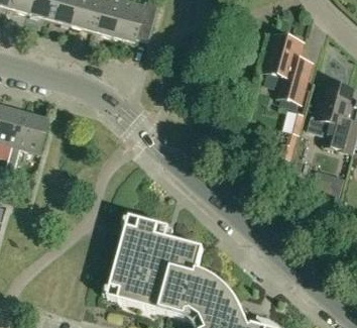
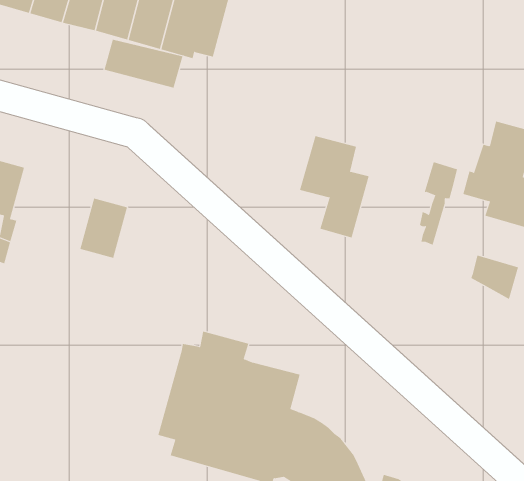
building: none -> [104,39,183,89]
building: [265,35,311,102] -> [299,136,369,238]
building: [15,113,46,152] -> [79,198,128,259]

